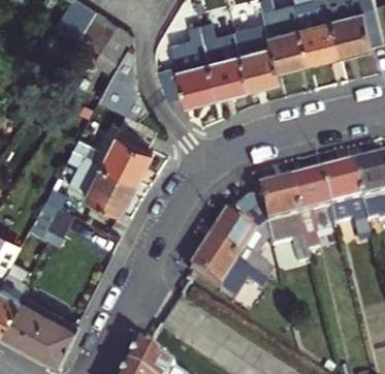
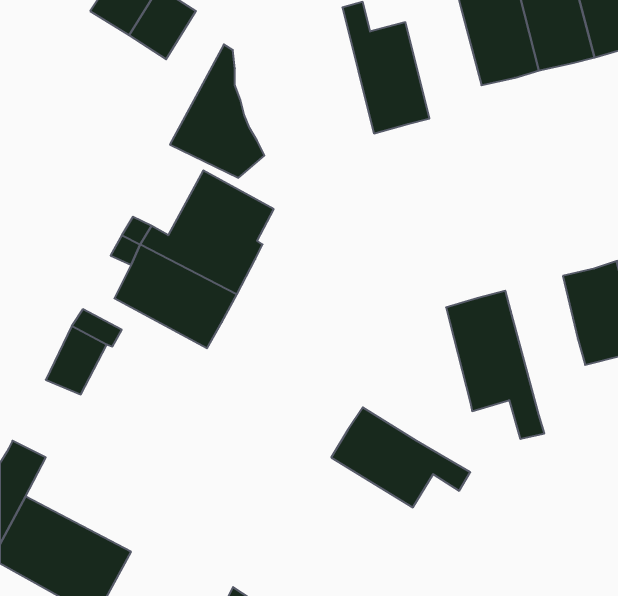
building: [159,24,212,101] -> none
building: [229,24,274,86] -> none
building: [92,26,131,73] -> none
building: [285,174,325,251] -> none
building: [205,199,271,283] -> none

